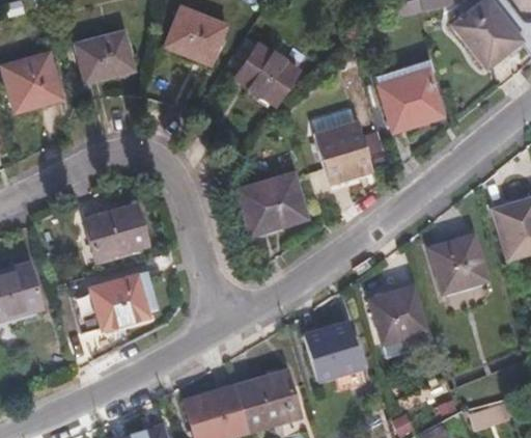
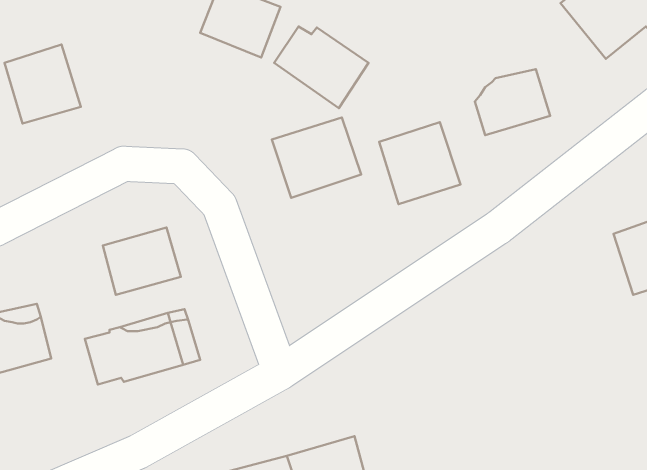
building: [77,35,137,88] -> none
building: [375,59,432,103] -> none
building: [239,173,310,238] -> [272,117,361,198]
building: [431,235,488,293] -> none
building: [368,284,426,340] -> none
building: [302,322,364,382] -> none

